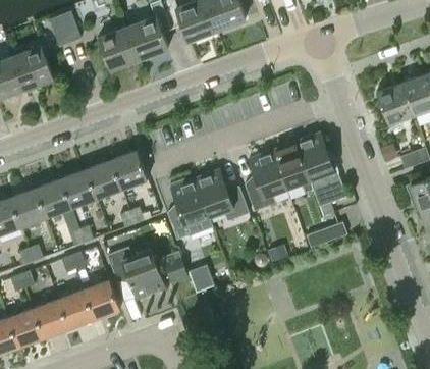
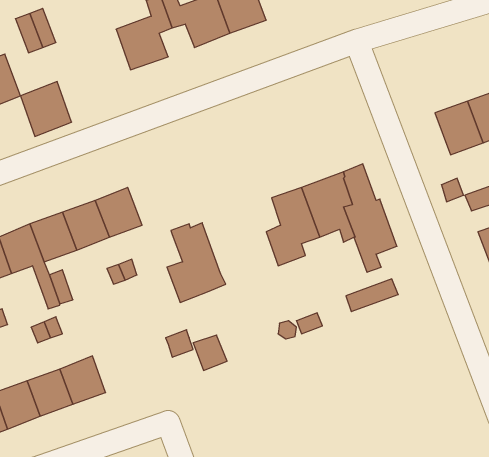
building: [99,27,139,69] -> [21,82,72,136]
building: [195,169,249,220] -> none
building: [107,247,165,299] -> none

